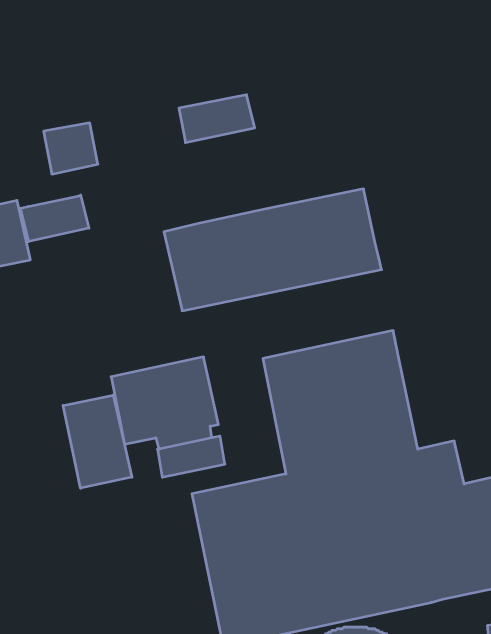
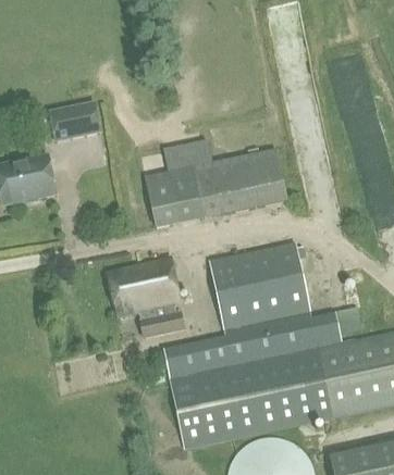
building: [179,95,255,143] -> [162,139,212,171]
building: [20,195,89,242] -> none
building: [63,395,132,488] -> none

